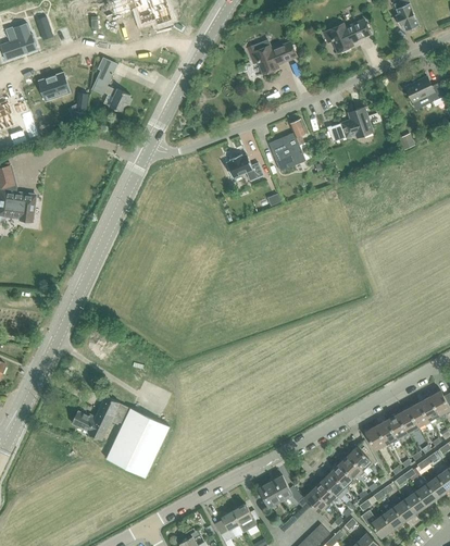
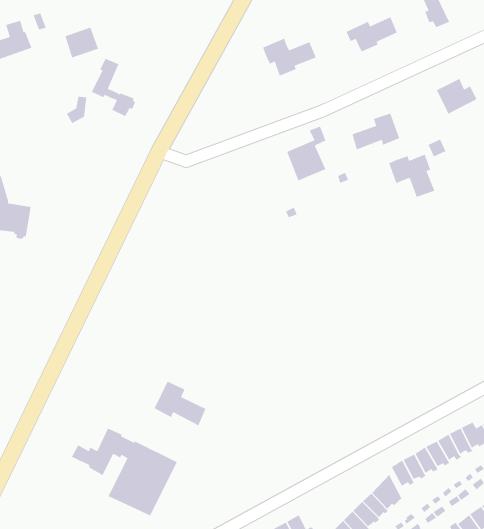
building: [38,72,70,101] -> [65,26,99,59]
building: none -> [388,151,435,198]
building: [225,154,262,177] -> none
building: none -> [153,381,206,426]

